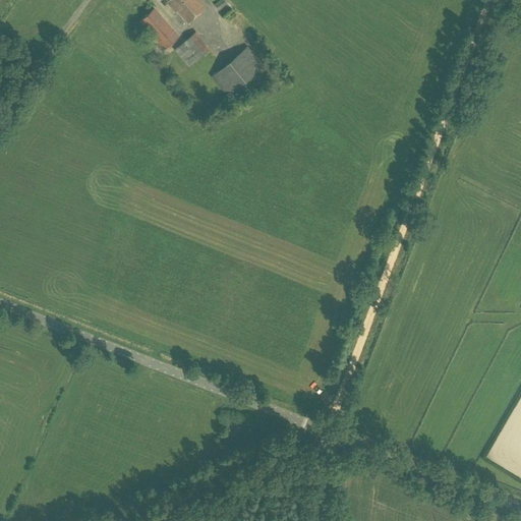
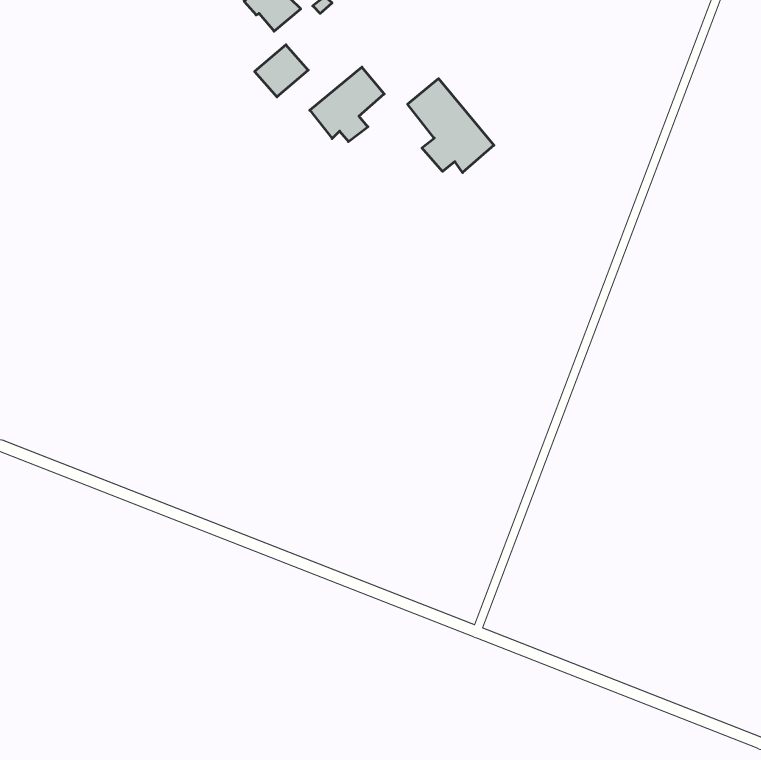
building: [139,8,178,48] -> none
building: none -> [408,79,494,173]

